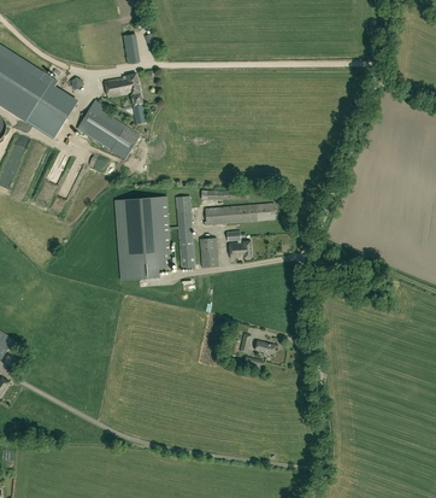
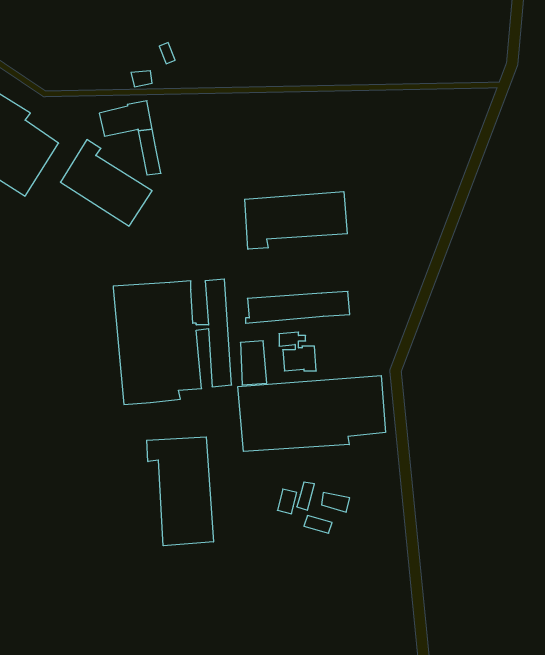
building: none -> [245,192,347,249]
building: none -> [238,376,385,451]
building: none -> [147,437,213,546]

